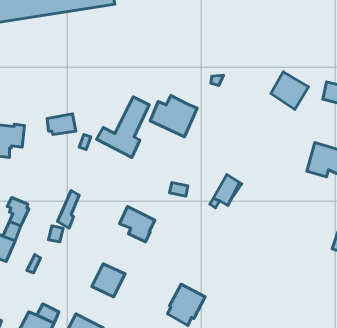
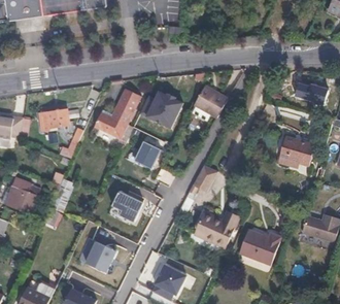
building: [271,72,308,110] -> [192,86,226,120]
building: none -> [132,142,159,170]
building: none -> [191,209,238,251]
building: none -> [238,227,281,263]

